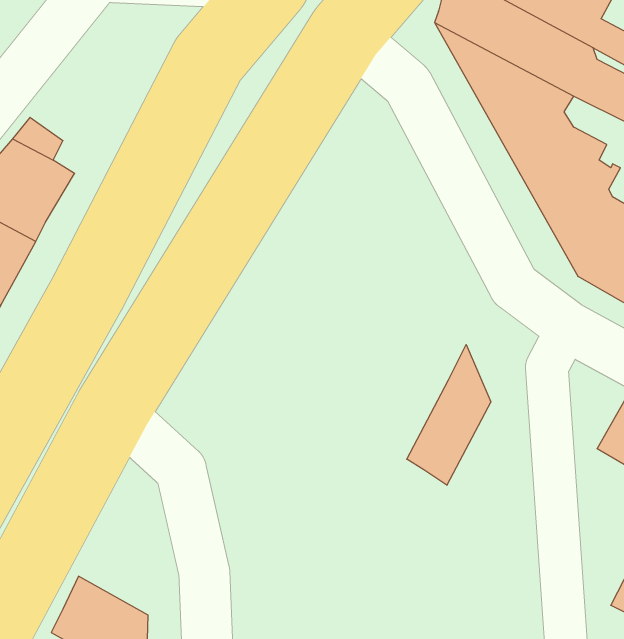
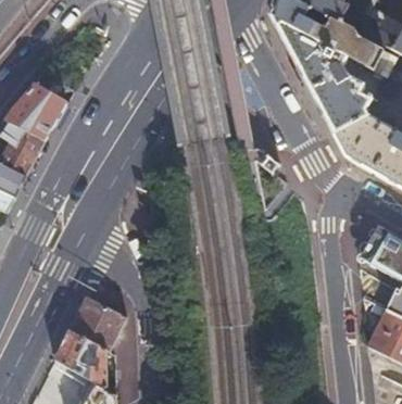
building: [407,345,491,485] -> none
building: none -> [70,294,128,351]

